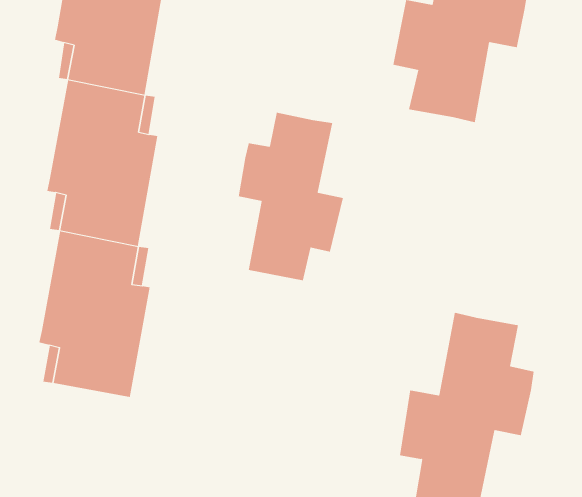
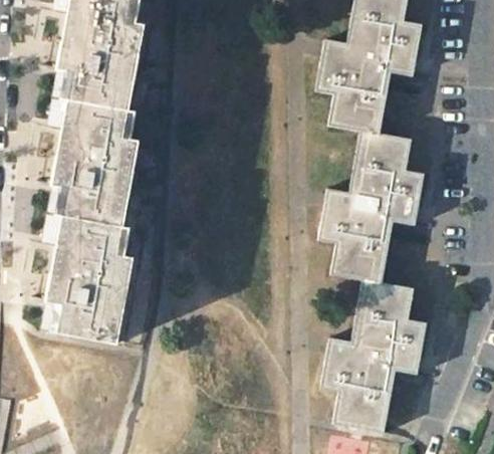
building: [238,112,343,281] -> none
building: none -> [318,129,423,281]

